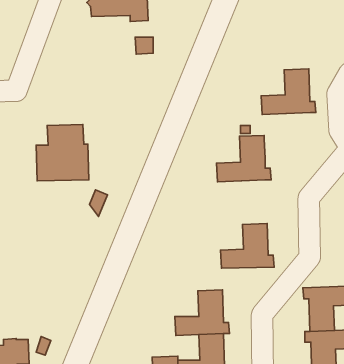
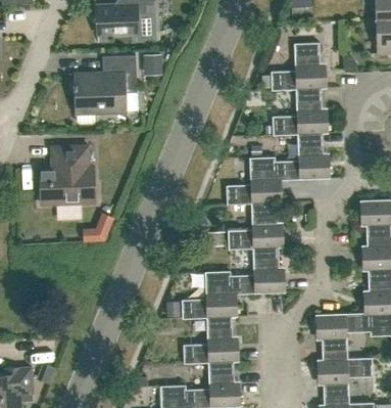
building: none -> [271,42,326,90]
building: none -> [72,55,137,124]
building: none -> [275,133,329,180]
building: none -> [228,202,283,250]
building: none -> [181,270,237,318]

